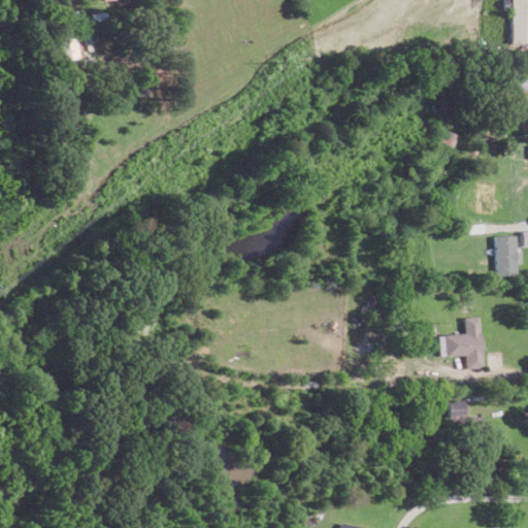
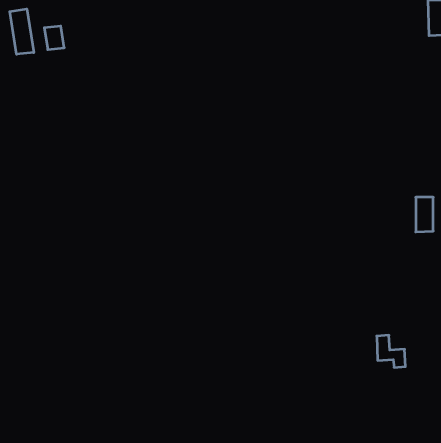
building: none -> [10,9,34,54]
building: [439,316,484,368] -> none

